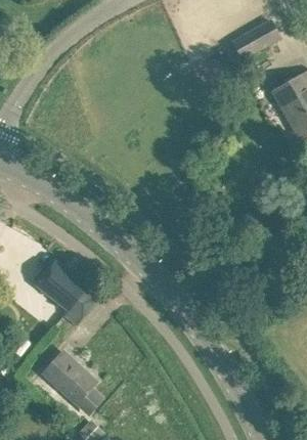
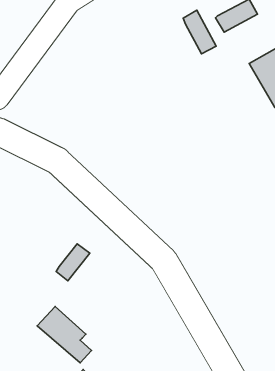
building: none -> [183,10,216,54]
building: [35,261,85,309] -> none

